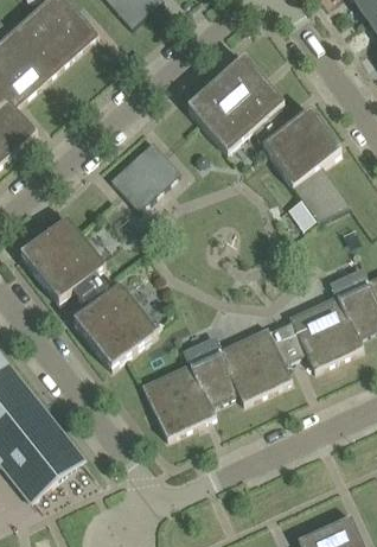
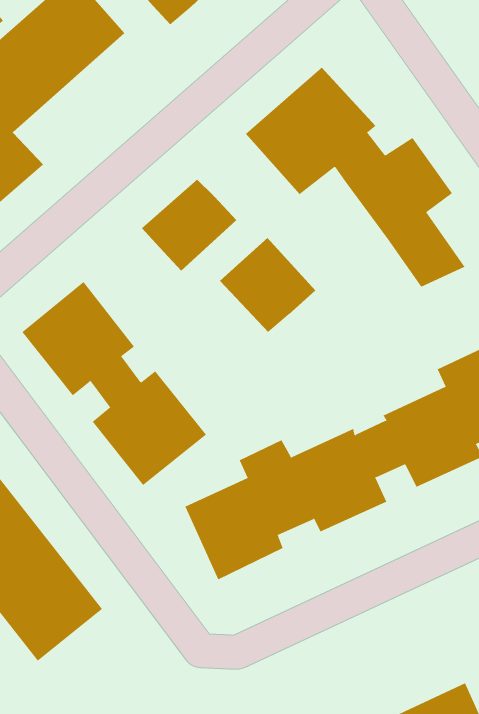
building: none -> [219,237,316,333]

